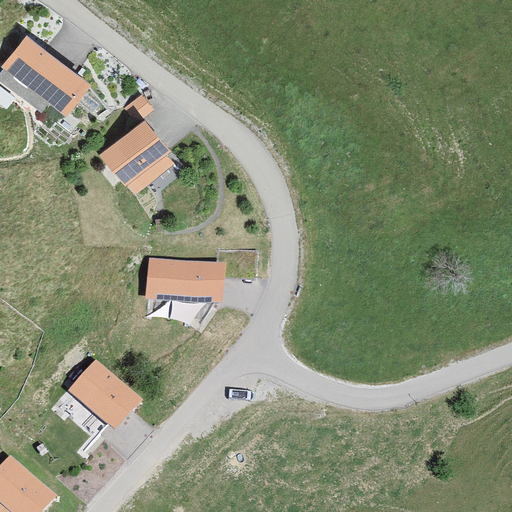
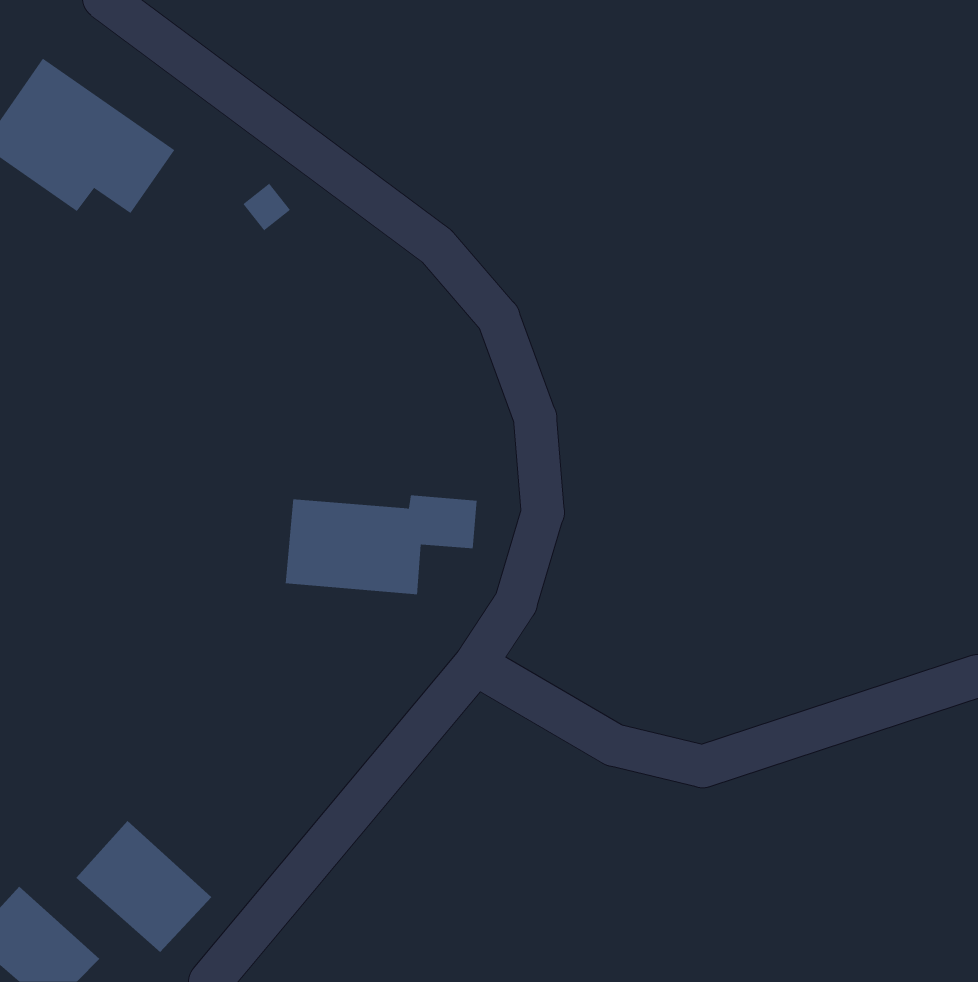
building: [101,121,172,191] -> none
building: [70,367,141,436] -> [75,820,212,953]

